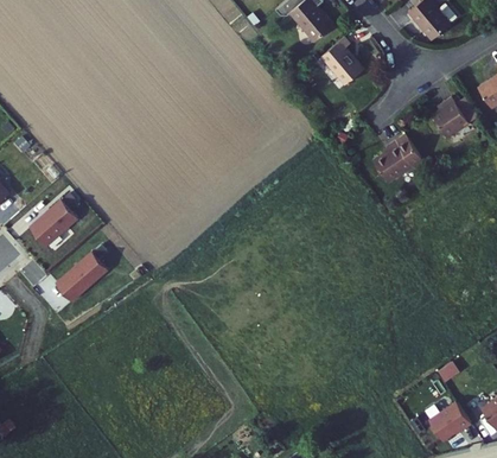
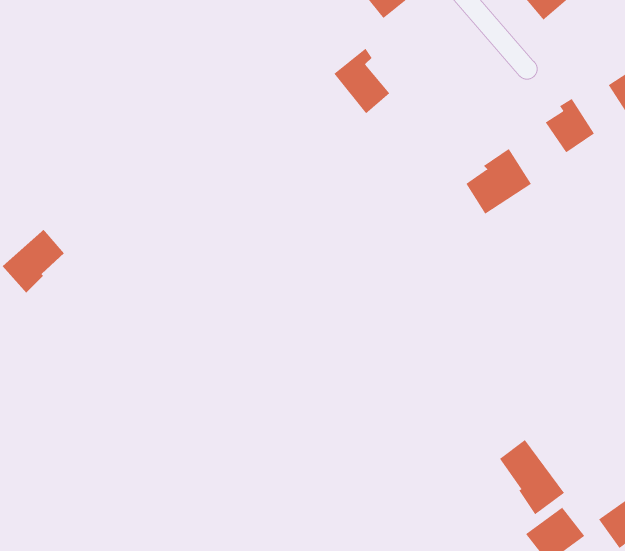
building: [320,36,362,84] -> [334,48,390,114]
building: [59,248,111,298] -> none
building: none -> [499,439,565,515]

